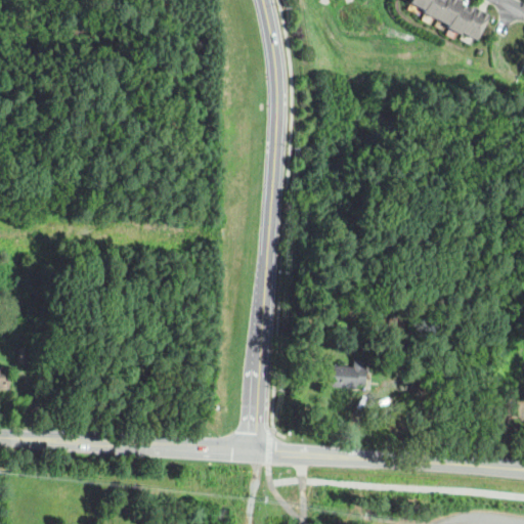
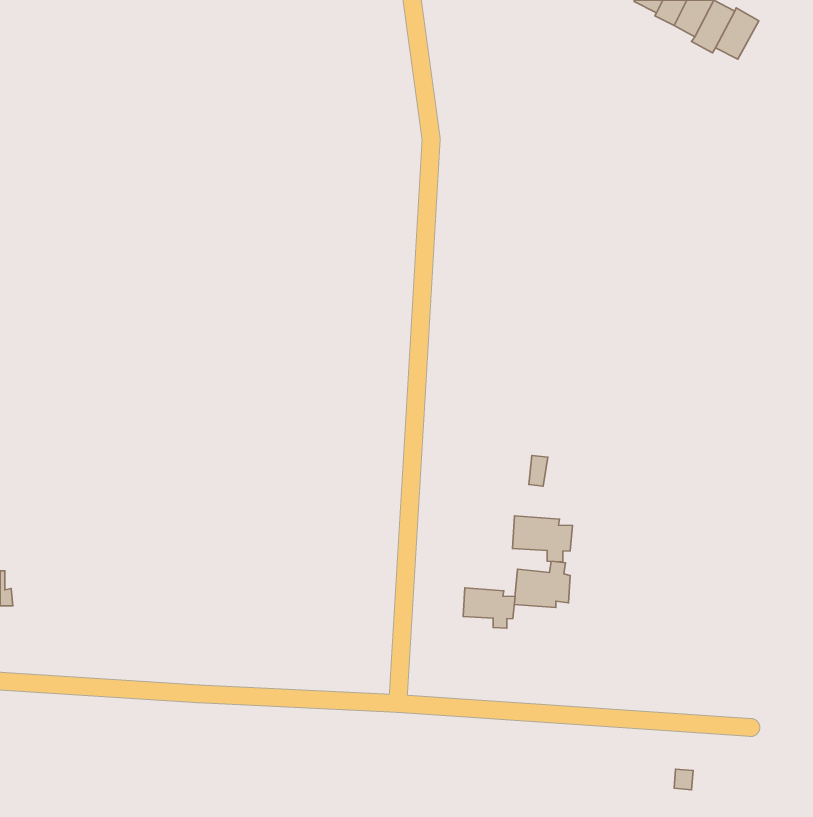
building: none -> [512,516,573,562]
building: none -> [463,588,515,628]

